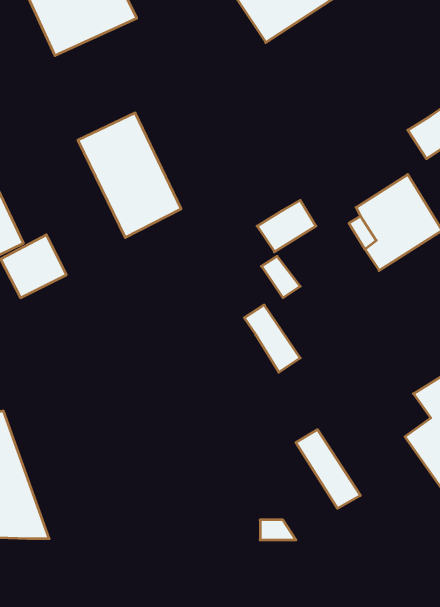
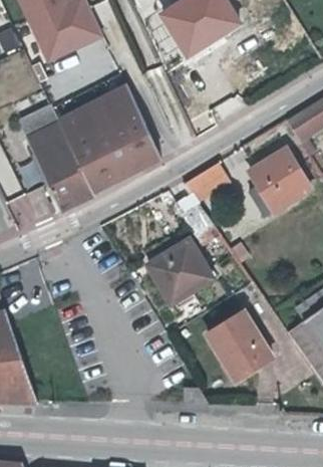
building: none -> [97,87,159,171]
building: none -> [20,109,92,211]
building: none -> [147,247,198,301]
building: none -> [225,312,275,372]

